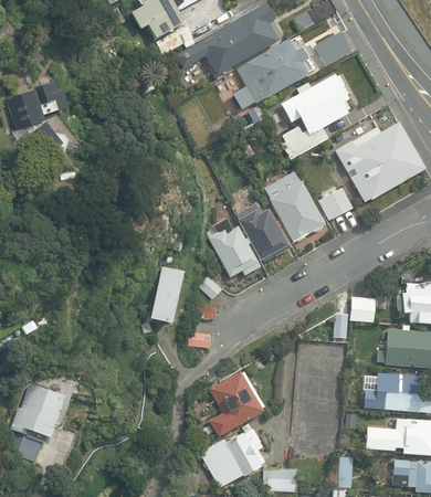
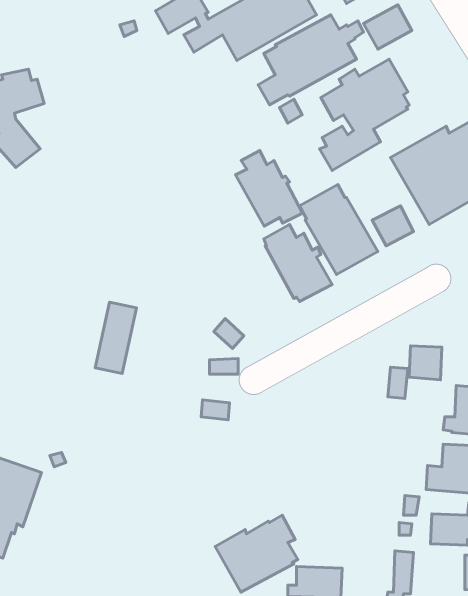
building: [209,218,261,276] -> [235,150,302,226]
building: [150,267,182,322] -> [95,302,137,374]
building: [209,370,264,436] -> none

